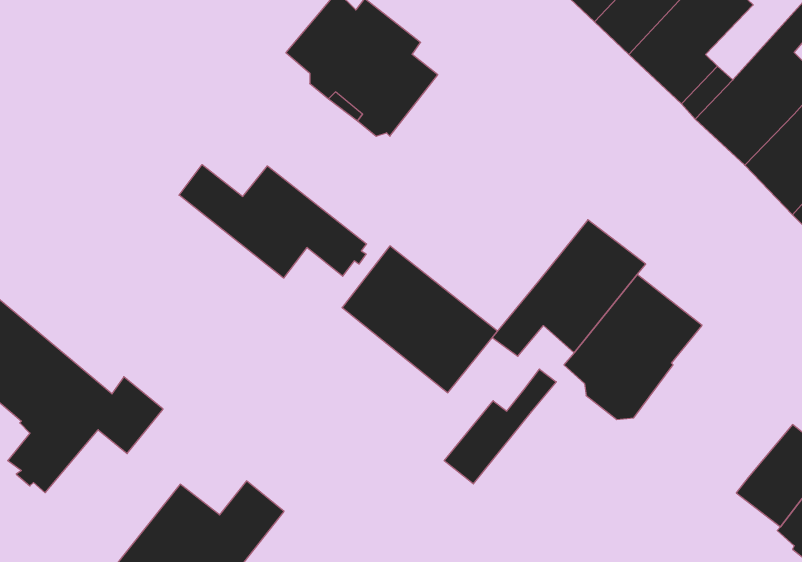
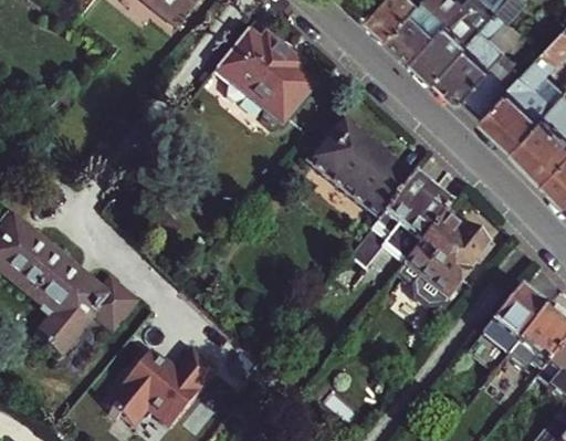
building: [179,165,367,278] -> none
building: [342,246,497,393] -> [312,123,412,218]
building: [444,369,556,484] -> none
building: none -> [481,288,545,351]

